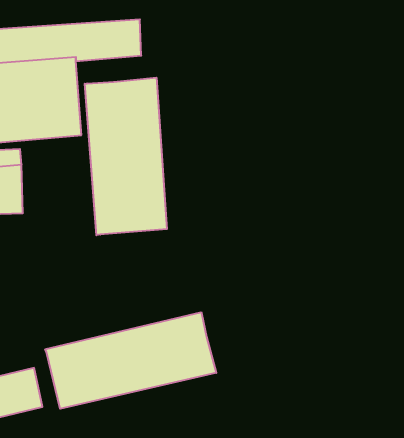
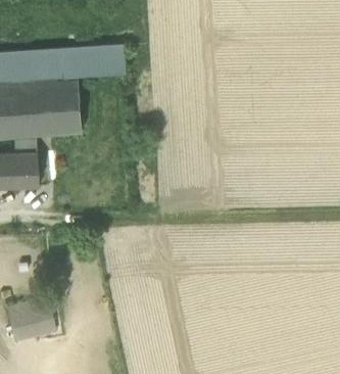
building: [85,78,167,235] -> none
building: [45,312,216,409] -> none

